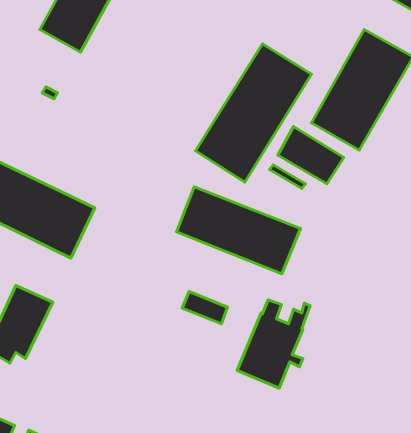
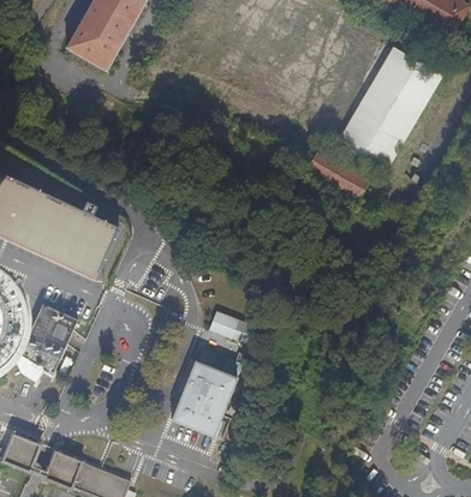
building: [195,44,312,182] -> none
building: [177,187,300,274] -> none
building: [237,300,310,388] -> [169,347,243,436]

